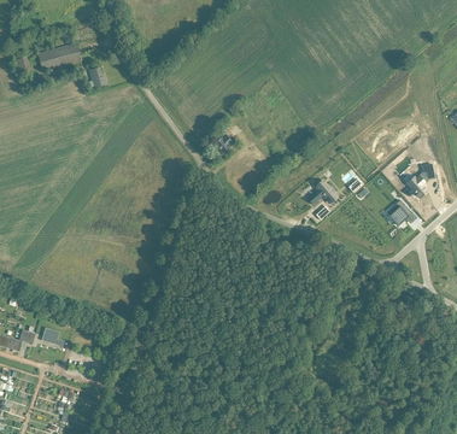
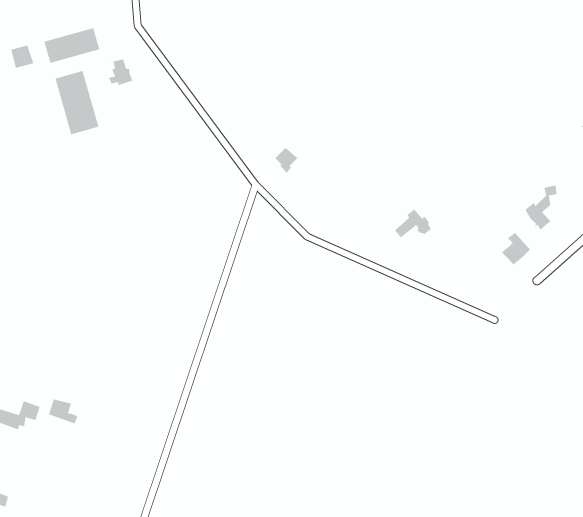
building: none -> [55,70,99,135]

